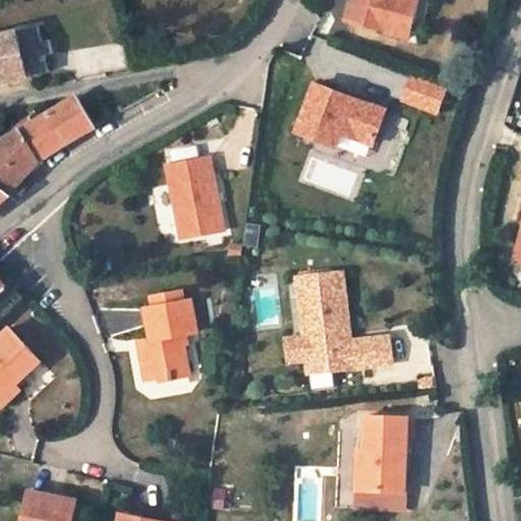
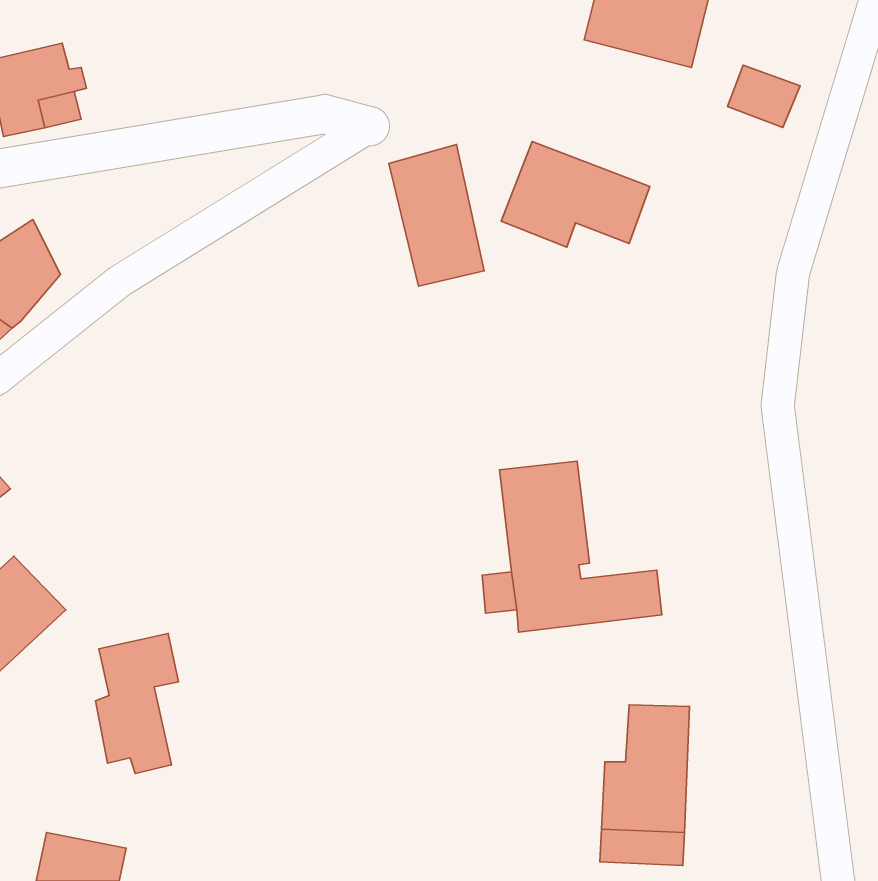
building: [402,74,445,111] -> [728,65,800,127]
building: [19,95,94,162] -> none
building: [165,154,221,237] -> [389,145,484,286]
building: [147,299,195,382] -> [95,633,178,773]

